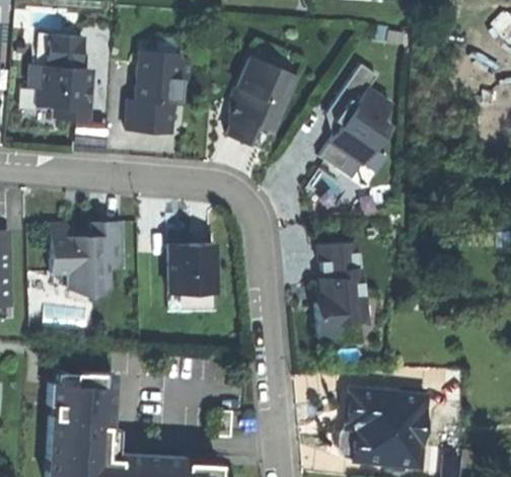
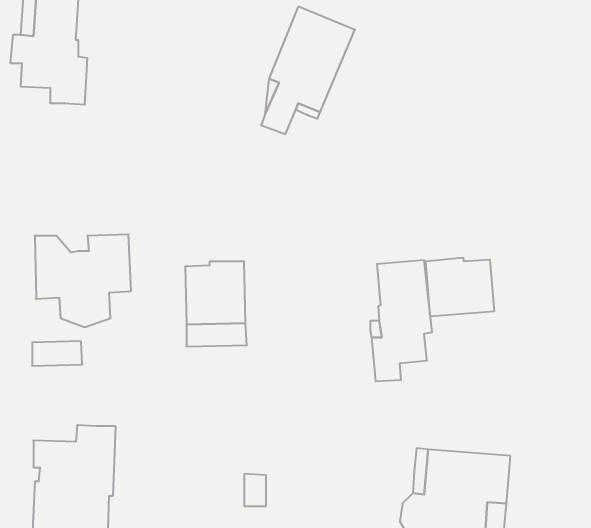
building: [127,52,189,134] -> none
building: [321,73,402,177] -> none
building: none -> [426,258,494,317]

